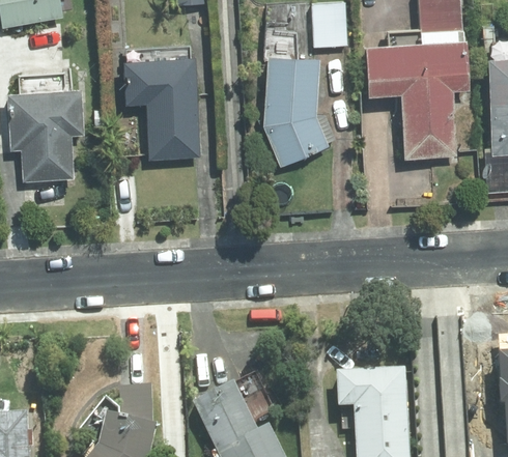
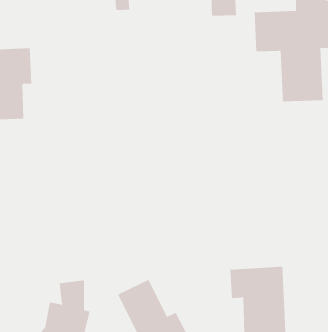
building: [263,51,328,164] -> none
building: [124,54,200,156] -> none

